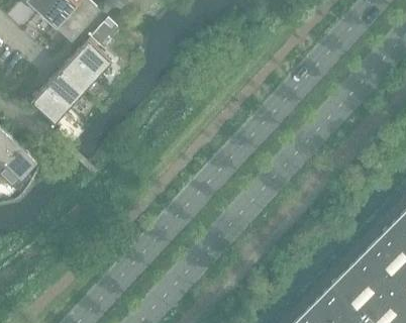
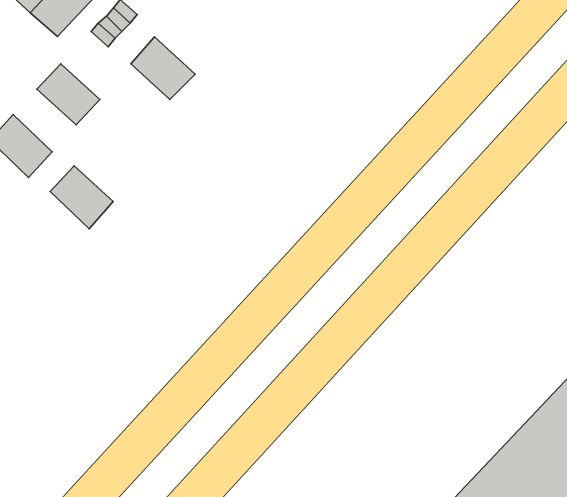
building: [72,39,110,77] -> [131,37,195,100]
building: [43,71,81,108] -> [50,166,113,229]

